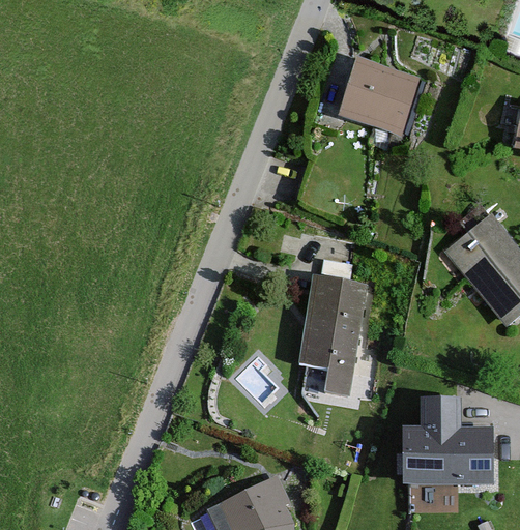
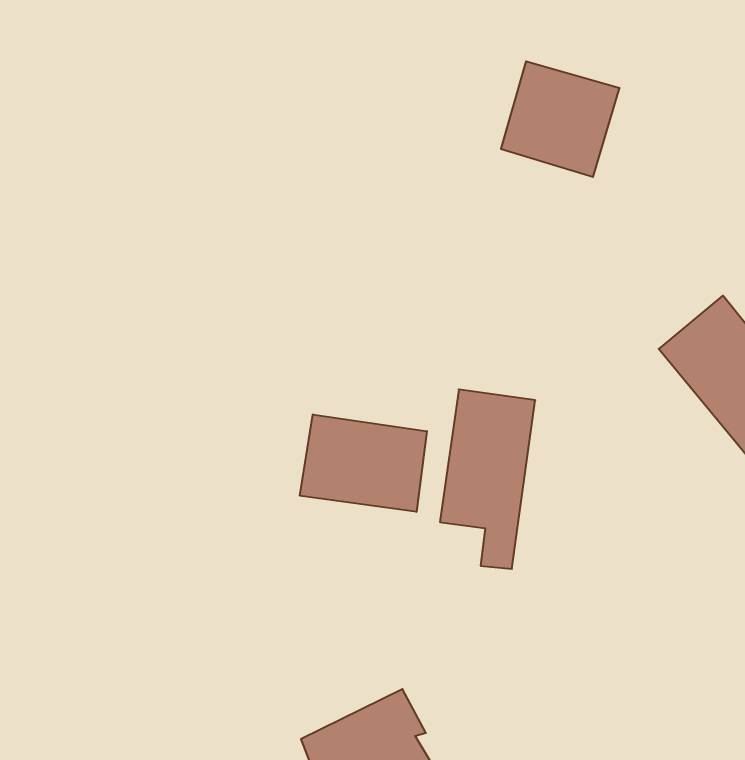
building: none -> [300,414,427,512]
building: [403,399,495,490] -> none

